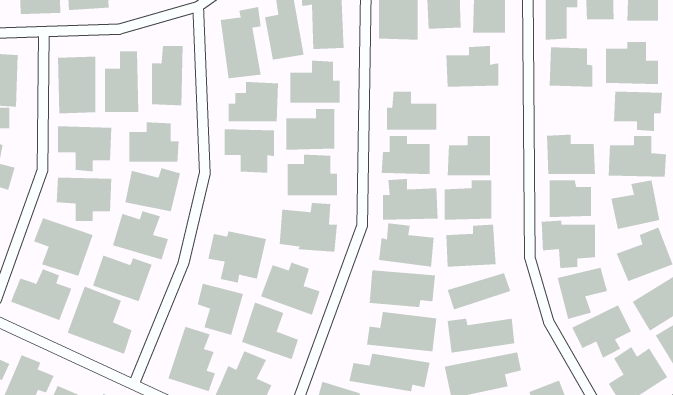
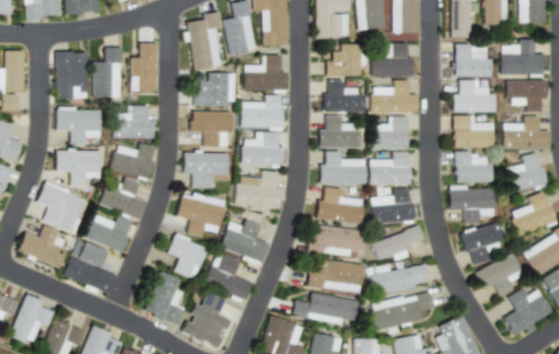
building: none -> [326,44,361,76]
building: none -> [371,80,417,113]
building: none -> [453,80,492,113]
building: none -> [185,152,228,188]

